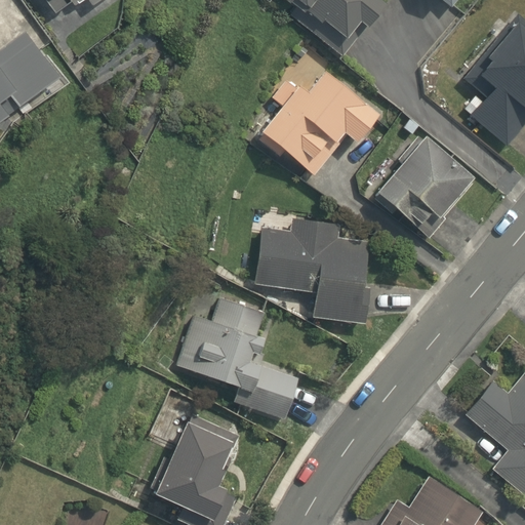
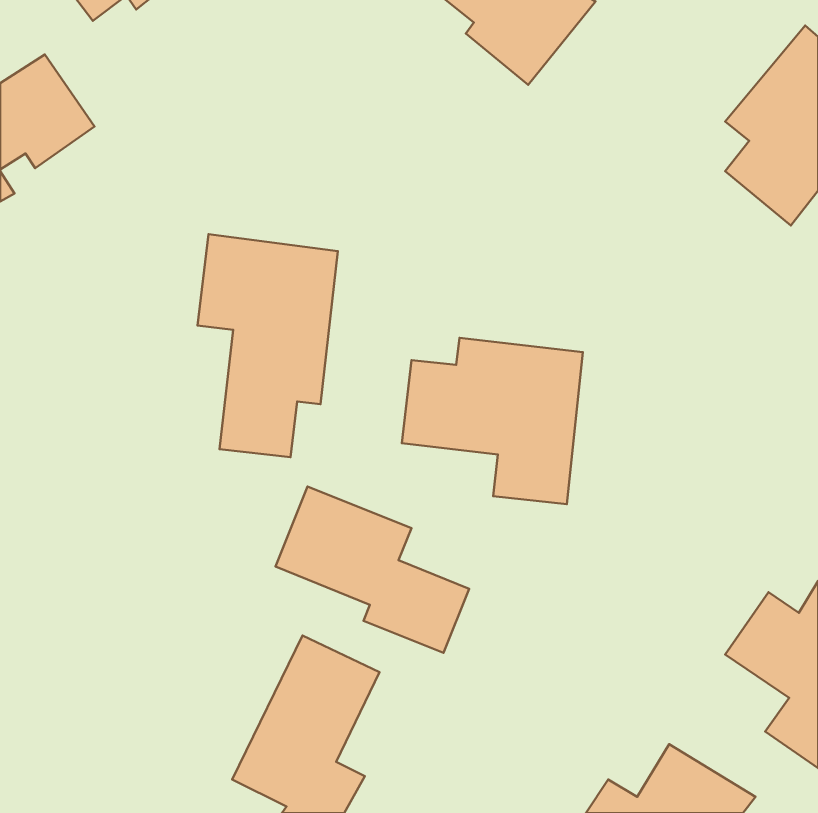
building: [256,68,381,177] -> none
building: [378,133,473,237] -> none
building: none -> [197,234,338,457]

